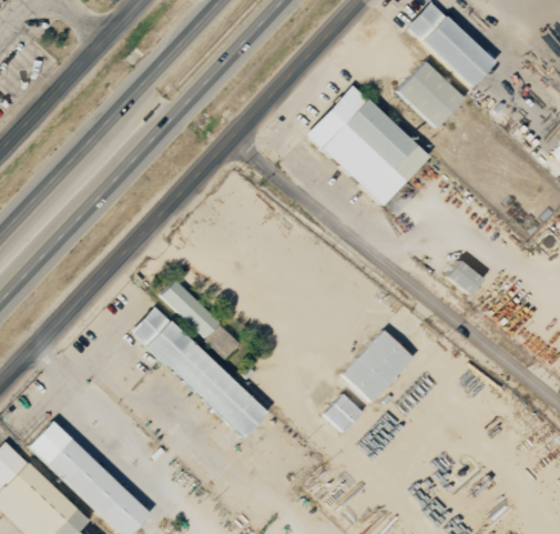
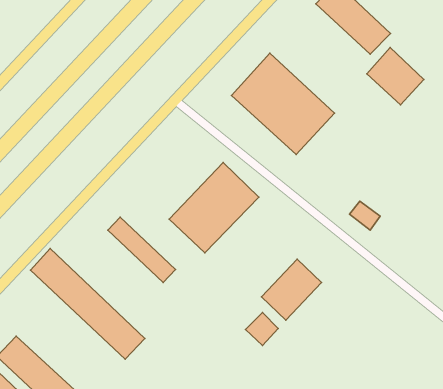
building: [397,60,465,128] -> [367,48,424,105]
building: none -> [169,162,259,253]
building: [132,305,267,436] -> [31,249,145,359]

